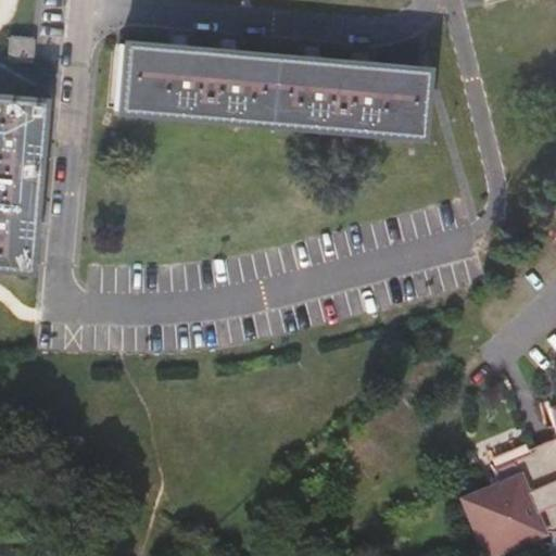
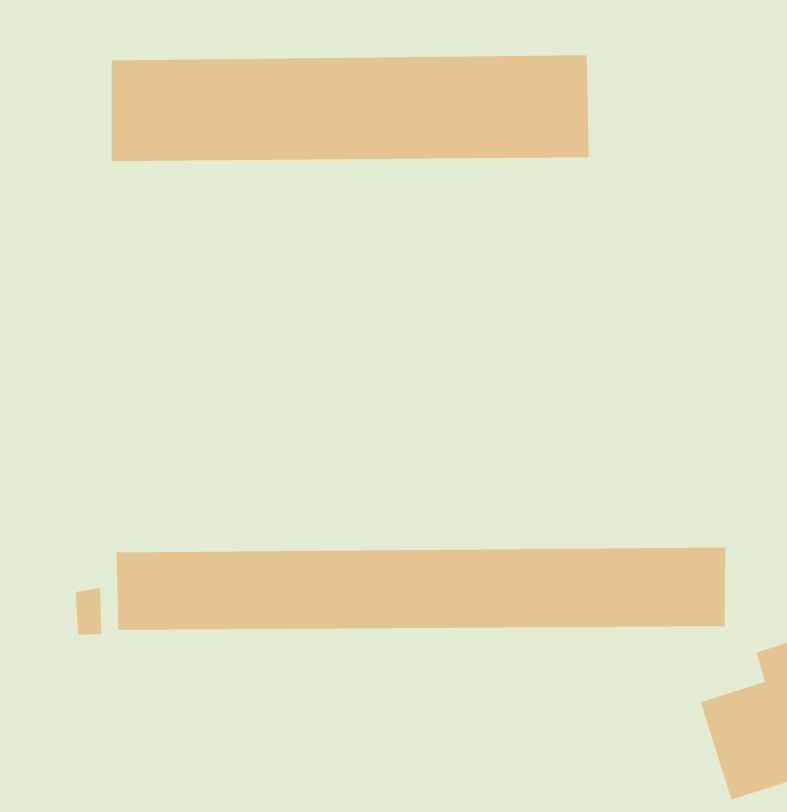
building: none -> [116,547,726,631]

